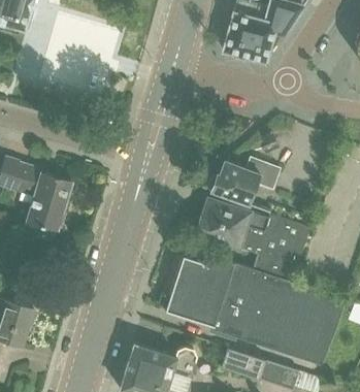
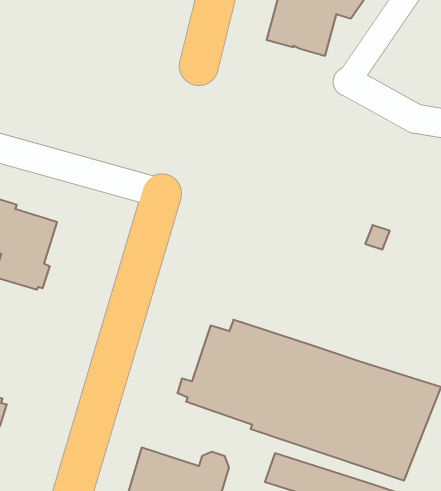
building: [208,158,280,205] -> none
building: [193,199,309,282] -> none

